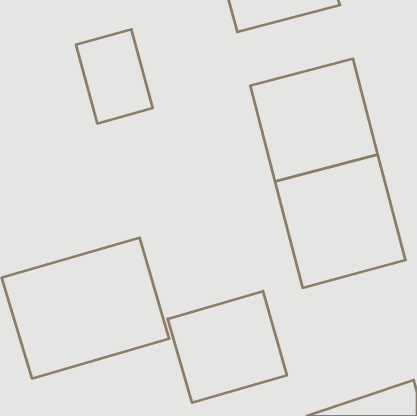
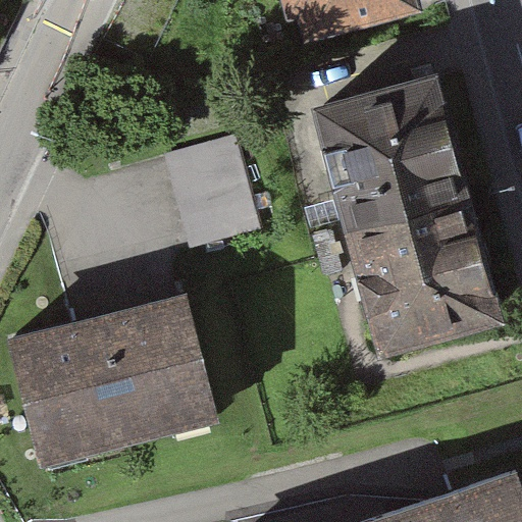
building: [76,29,153,123] -> [164,132,260,249]
building: [168,291,287,403] -> none

